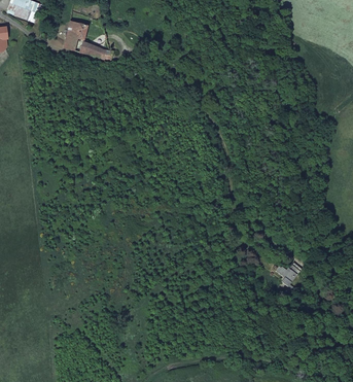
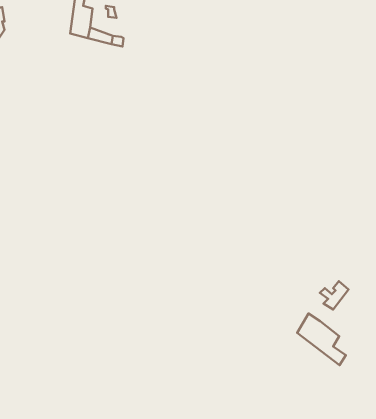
building: none -> [297,313,346,365]

